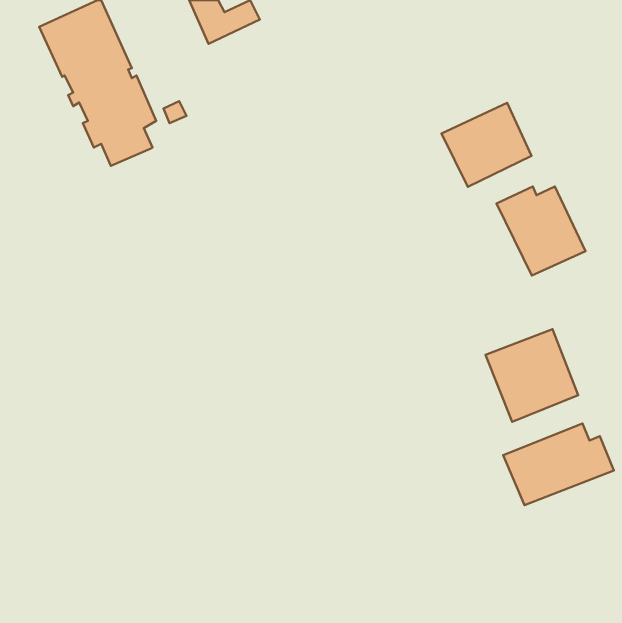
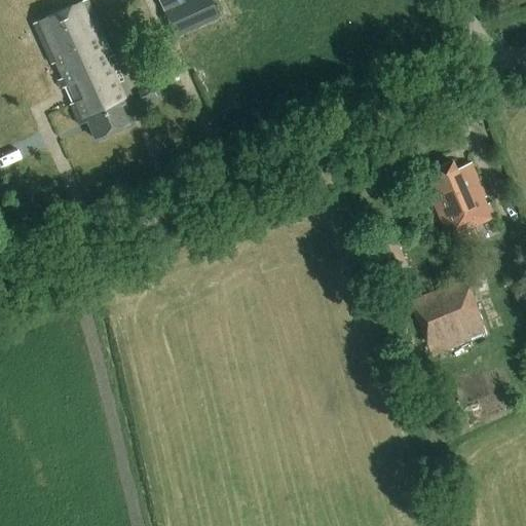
building: [442,103,532,187] -> none
building: [503,423,614,505] -> none

